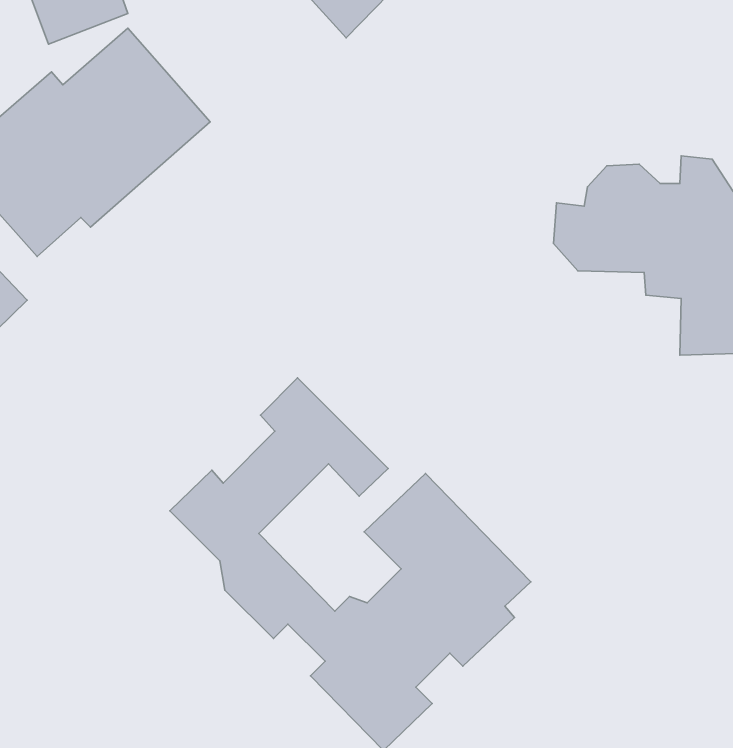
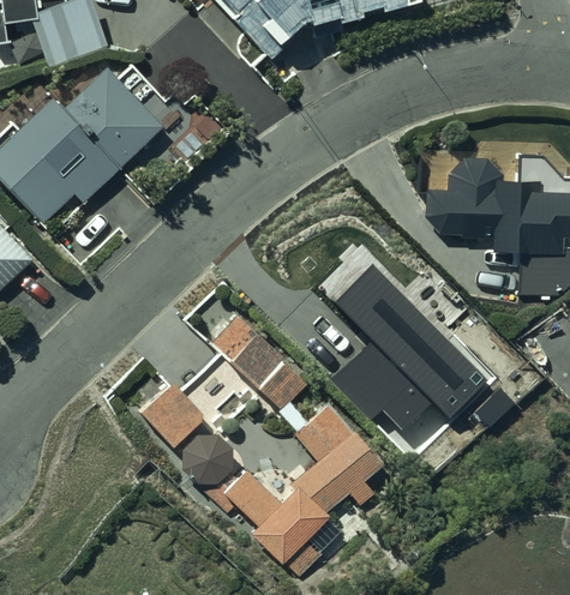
building: none -> [316,259,492,433]

